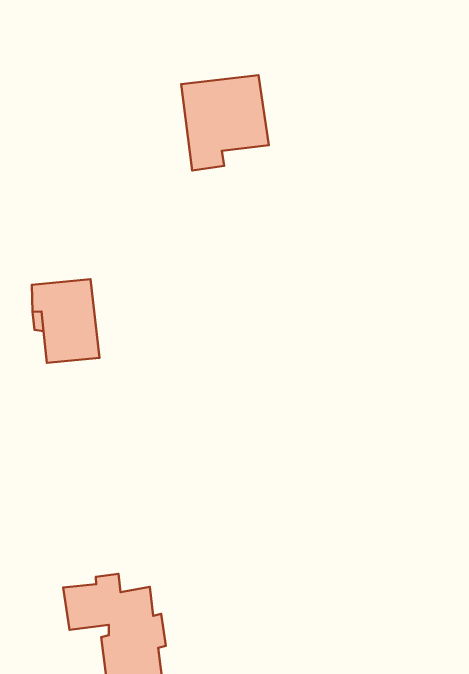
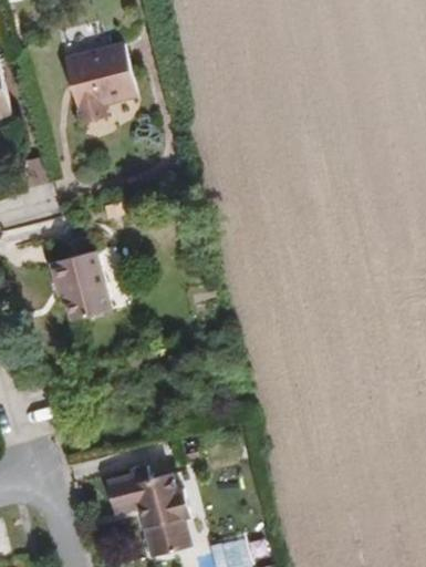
building: [181,75,269,171] -> [63,45,134,123]

